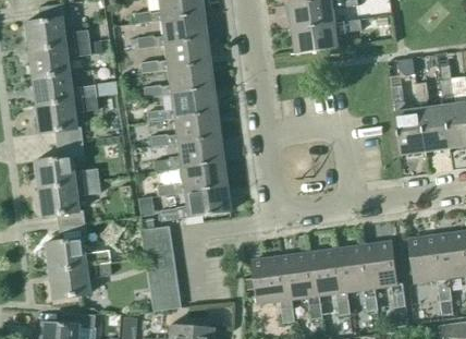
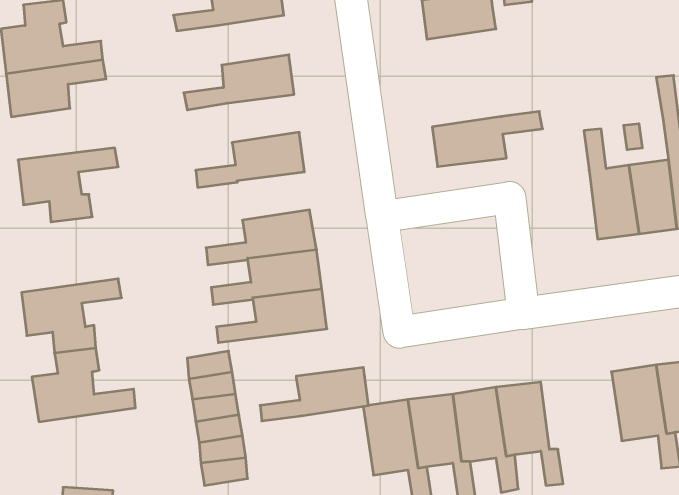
building: [137,13,207,48] -> none
building: [294,19,364,53] -> [432,111,543,167]
building: [145,63,213,97] -> none
building: [32,72,97,105] -> none
building: [151,112,220,146] -> [260,367,369,421]
building: [34,141,99,189] -> none
building: [366,241,407,307] -> none
building: [49,262,112,299] -> none

